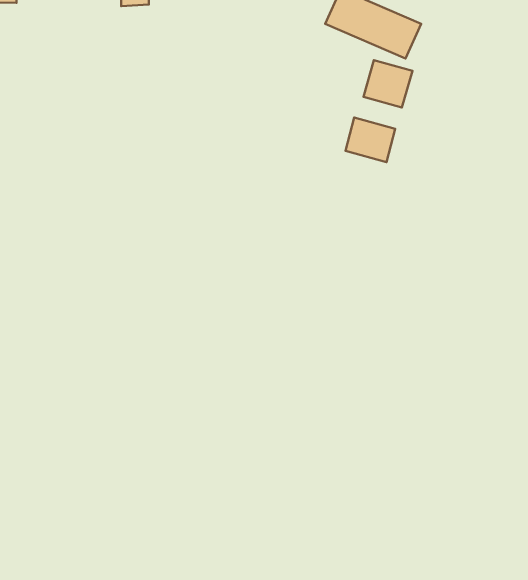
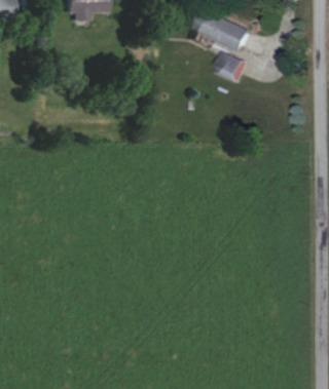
building: [346,118,395,162] -> none

